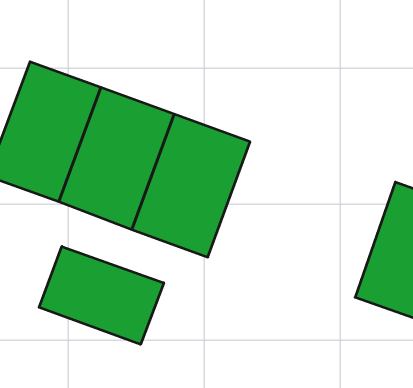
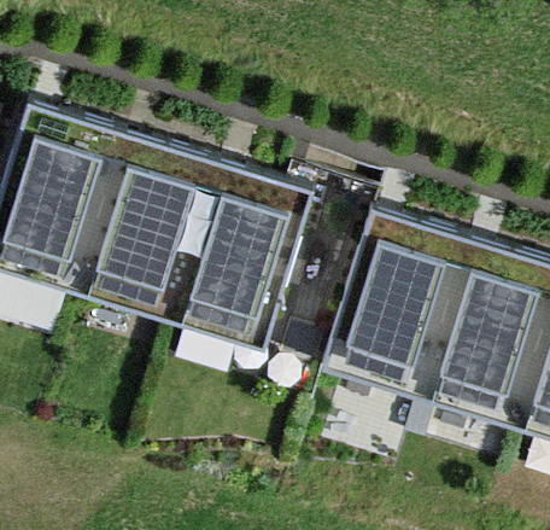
building: none -> [337,235,470,401]
building: [39,246,164,344] -> none

